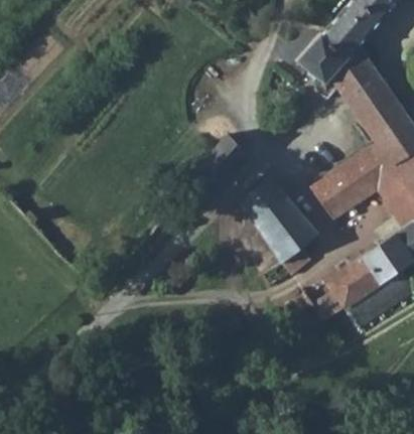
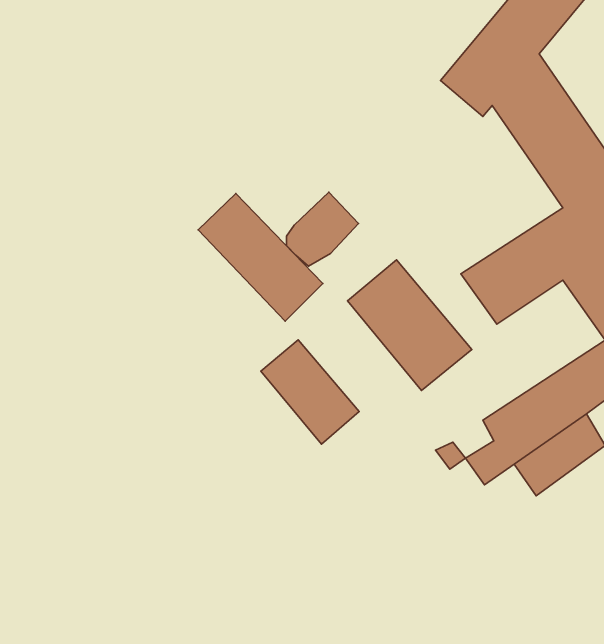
building: none -> [198,193,323,321]
building: none -> [261,340,359,444]

